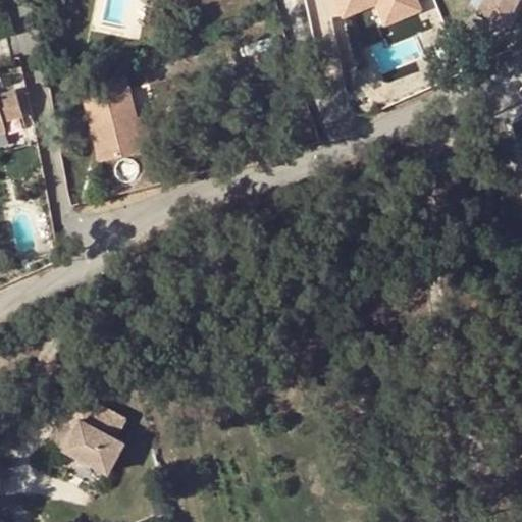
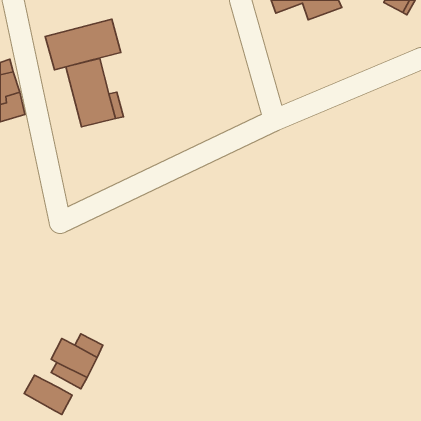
building: none -> [45,19,121,70]
building: none -> [24,375,72,414]

